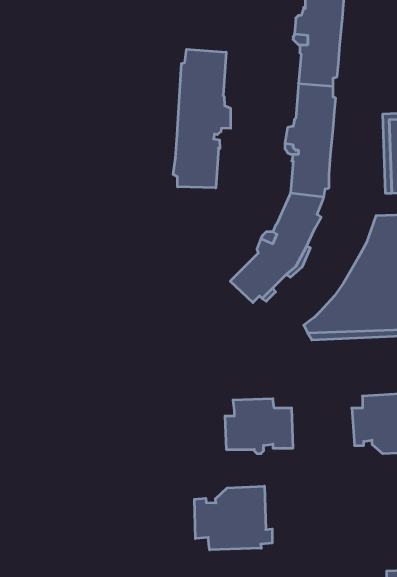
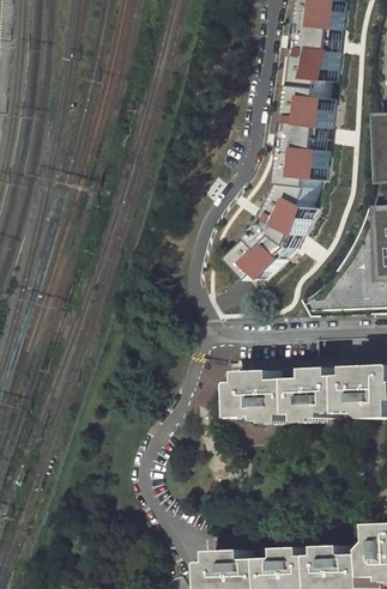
building: [173,49,231,188] -> none
building: none -> [289,366,345,417]
building: [194,486,272,550] -> none

